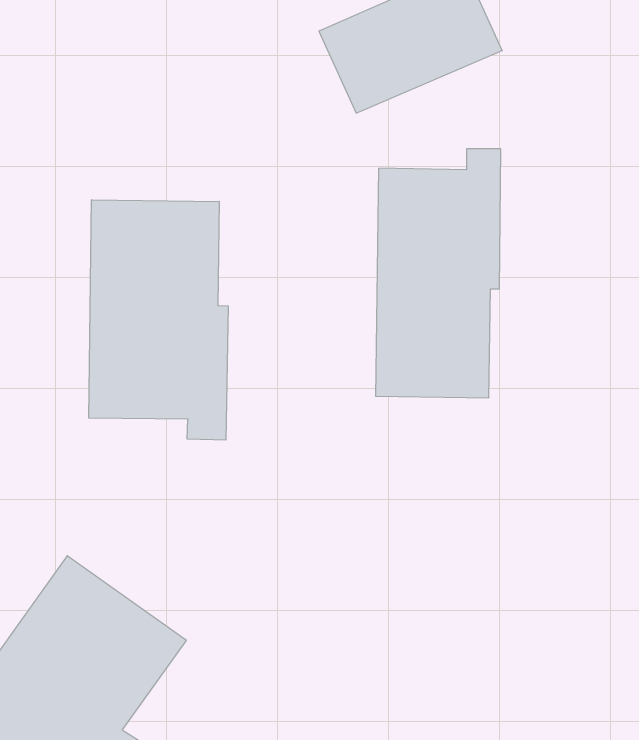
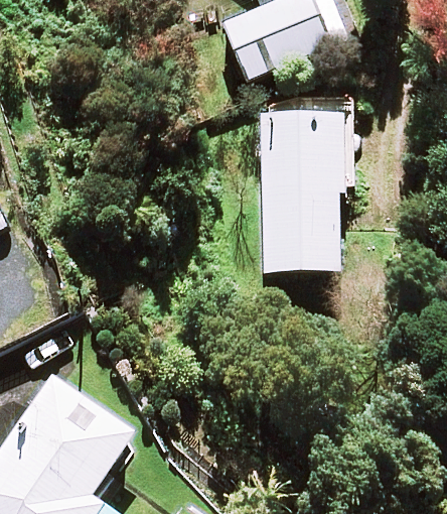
building: [89,200,228,440] -> none

